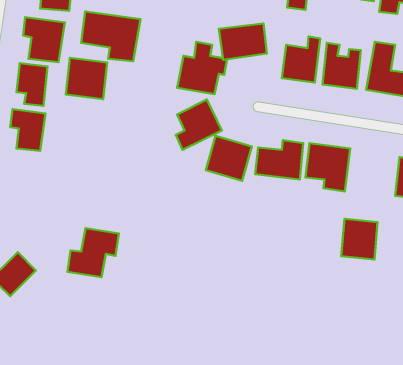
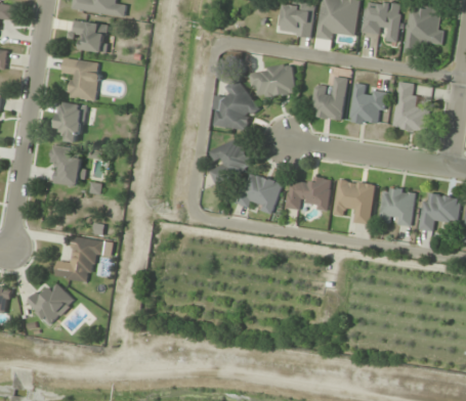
building: [81,12,140,61] -> none
building: [66,58,107,99] -> none
building: [341,219,378,259] -> [380,186,415,225]
building: [67,228,119,277] -> [55,234,104,281]

